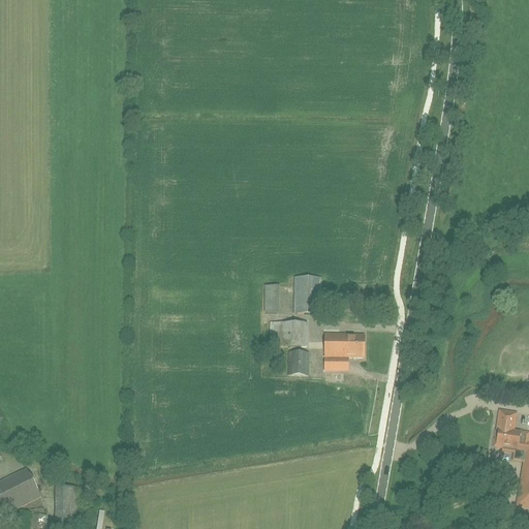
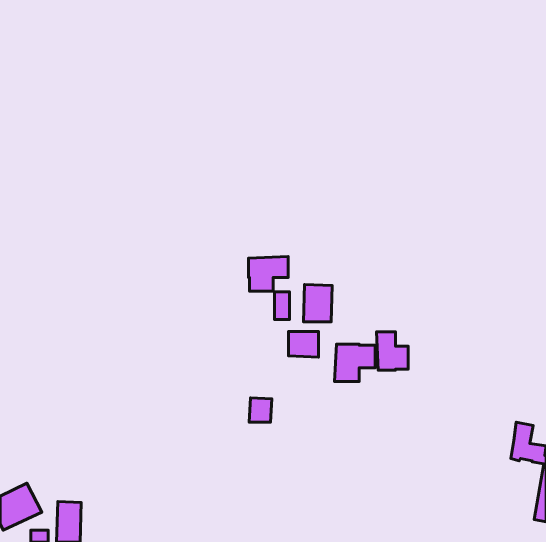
building: none -> [248,256,288,291]
building: none -> [376,332,408,370]
building: [287,349,309,373] -> [249,398,272,422]

